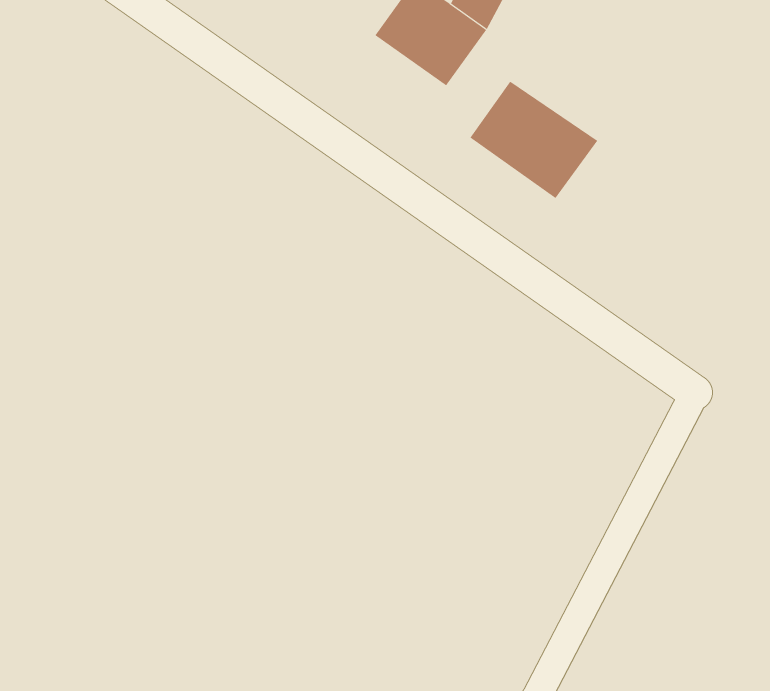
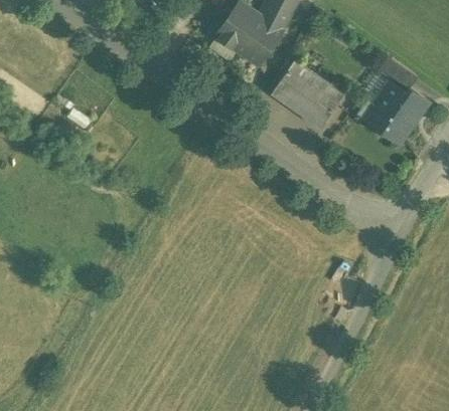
building: none -> [358,79,429,136]

